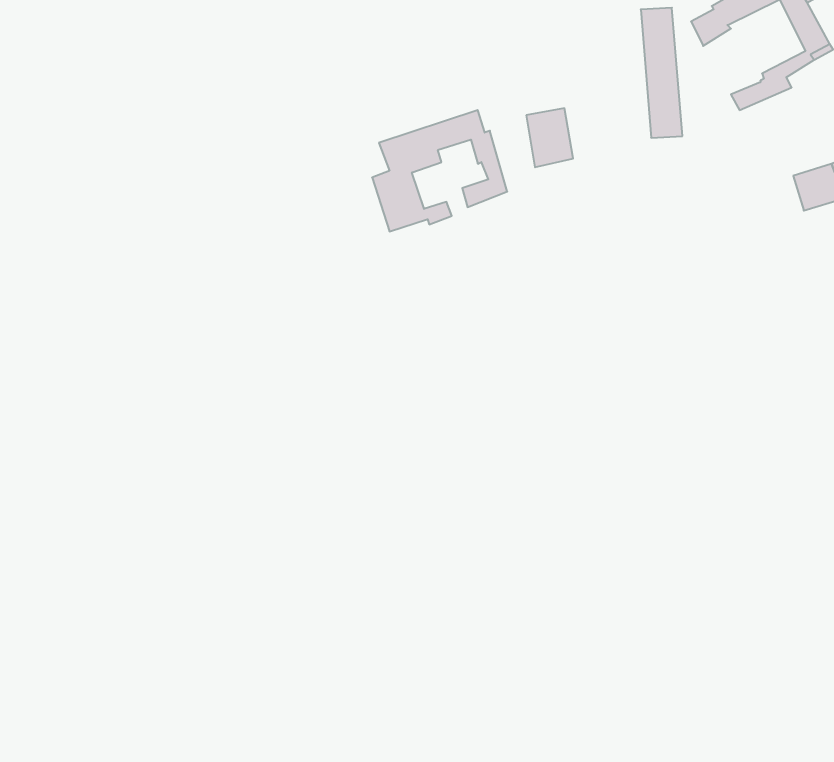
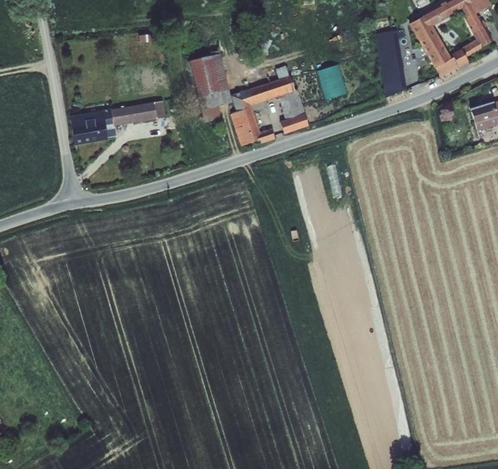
building: none -> [419,28,452,66]
building: none -> [186,51,230,109]
building: none -> [68,102,164,142]

